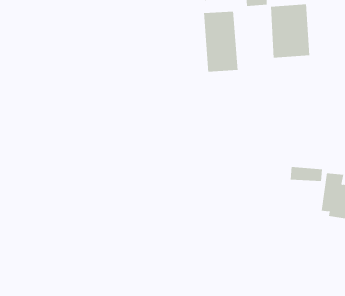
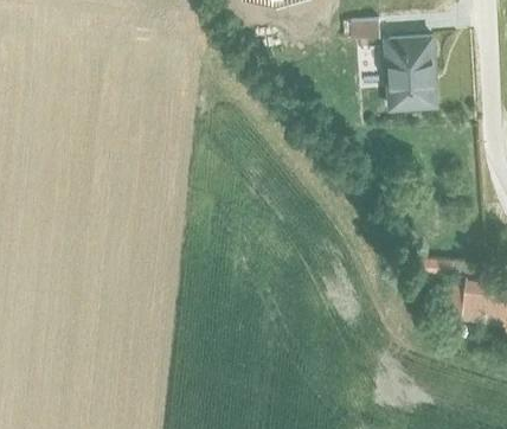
building: [204,11,238,72] -> none

